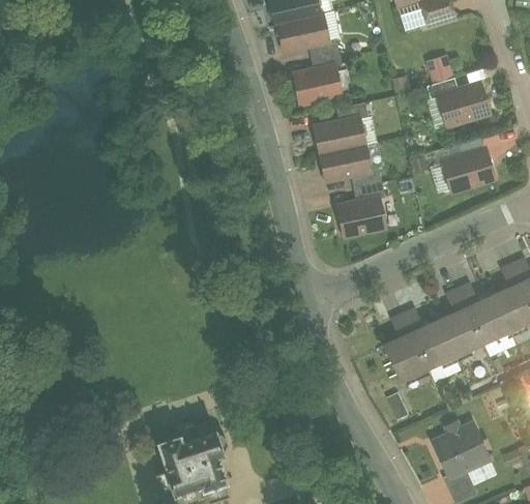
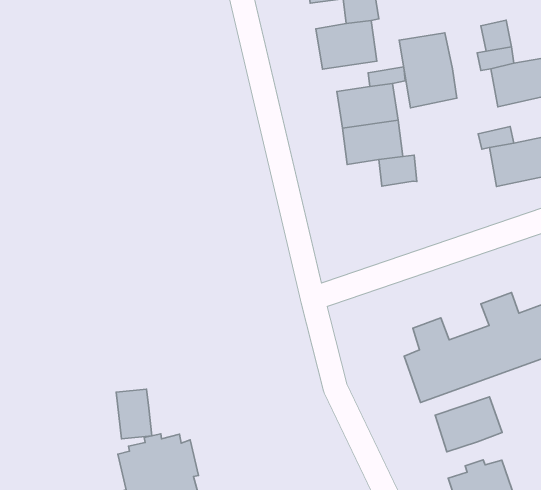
building: none -> [399,33,457,108]
building: [335,196,388,239] -> none
building: none -> [435,397,502,452]
building: none -> [116,389,152,439]

